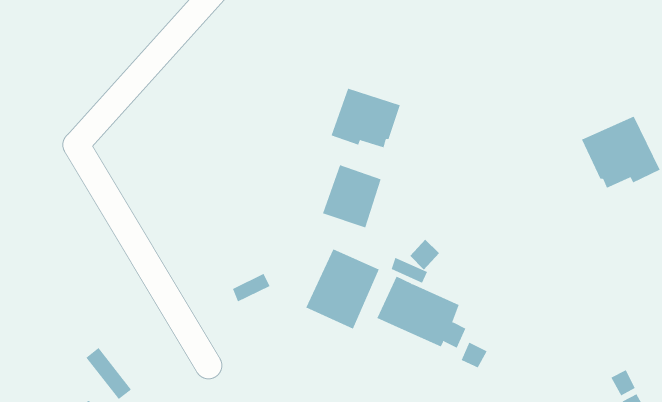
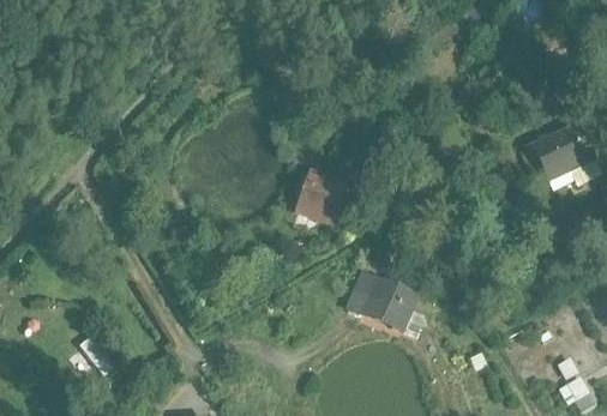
building: [331,88,400,148] -> none
building: [305,249,380,330] -> none

